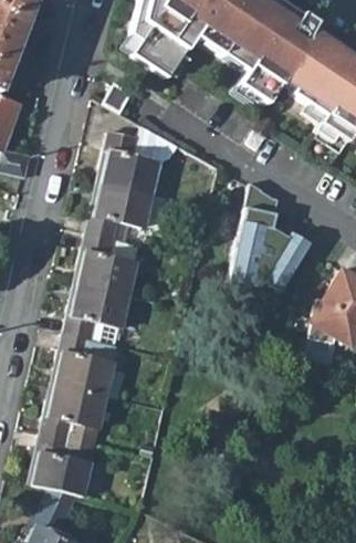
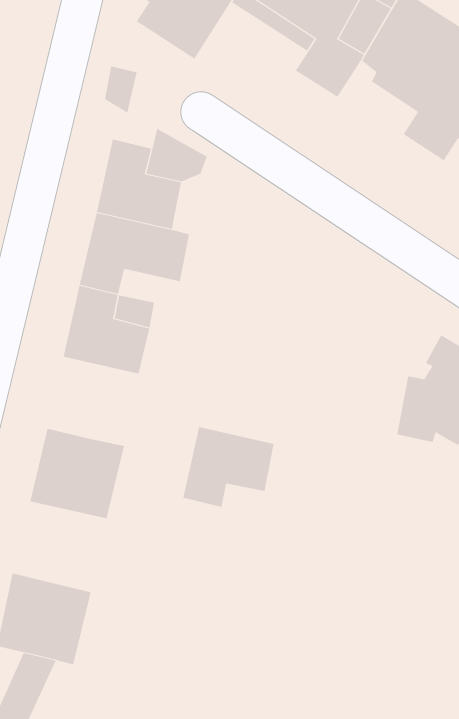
building: [228,185,310,290] -> none
building: [65,283,129,340] -> [182,426,275,508]
building: [41,384,107,447] -> none

